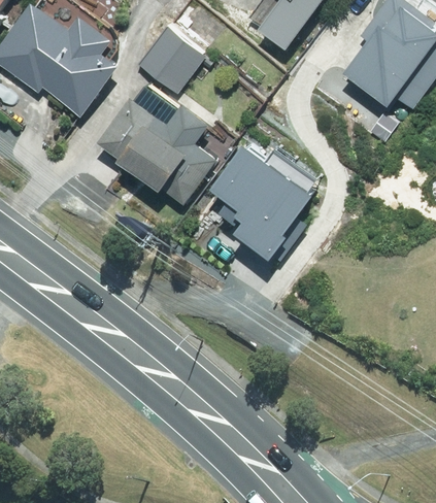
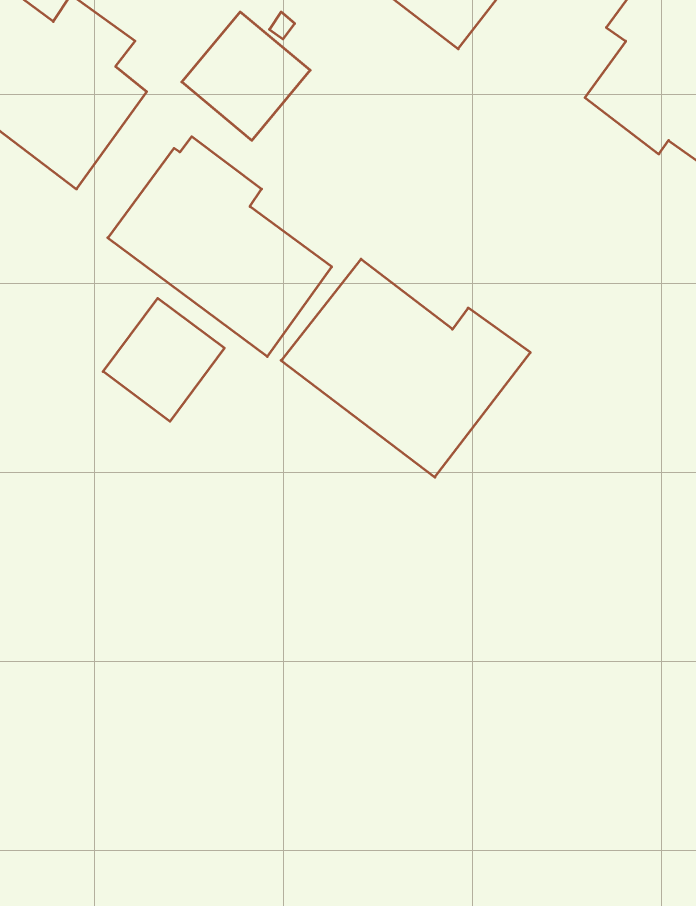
building: none -> [103,298,224,421]

